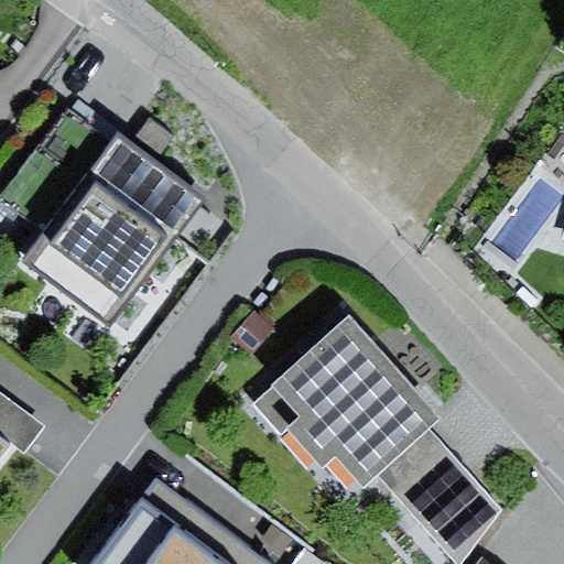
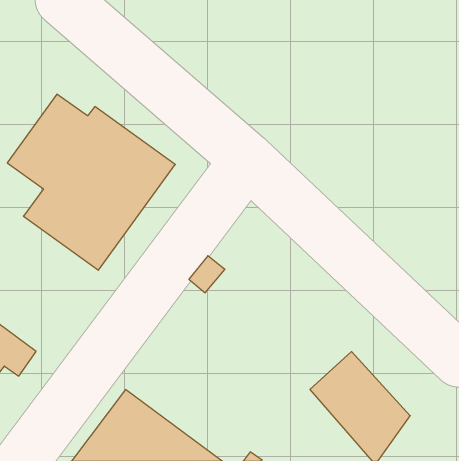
building: [252,322,436,488] -> none

